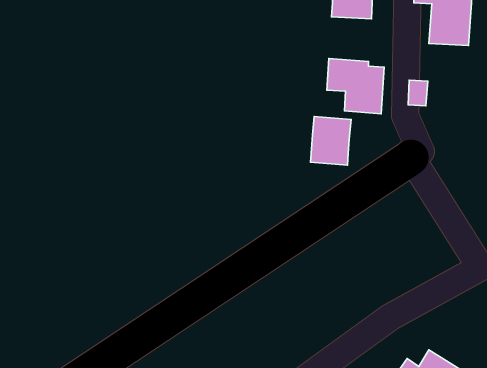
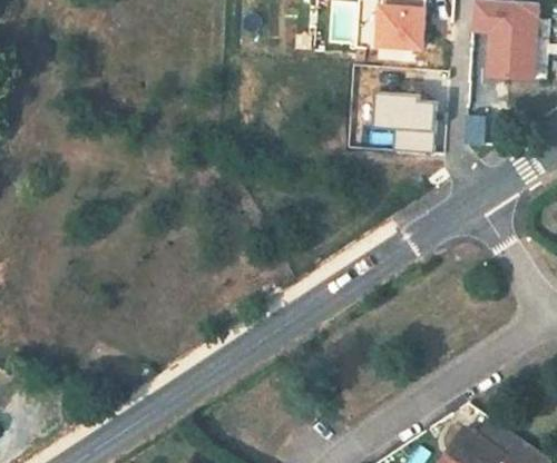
building: [311,116,351,165] -> none

